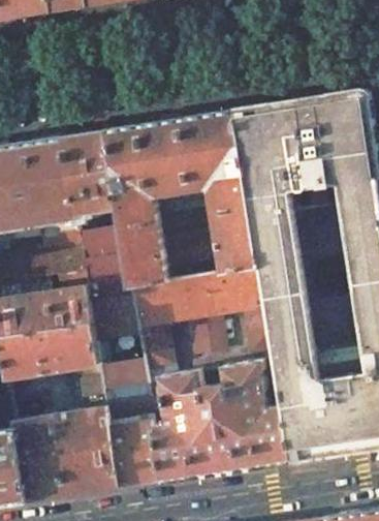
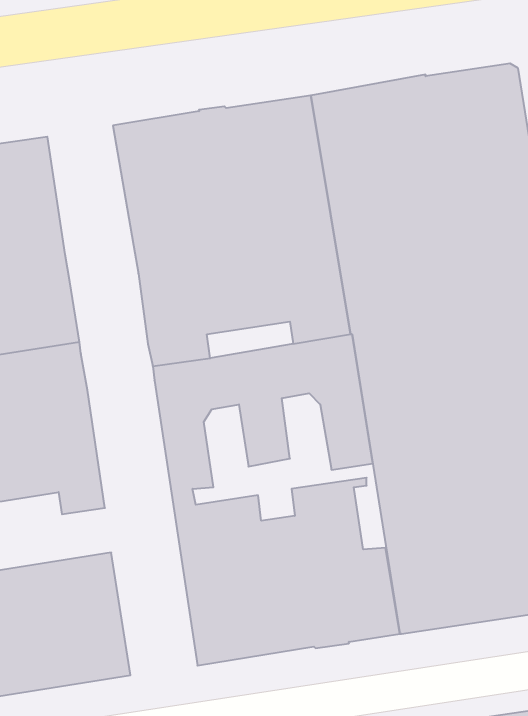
building: [57,131,113,218] -> none
building: [71,227,122,279] -> none
building: [83,297,154,488] -> none

